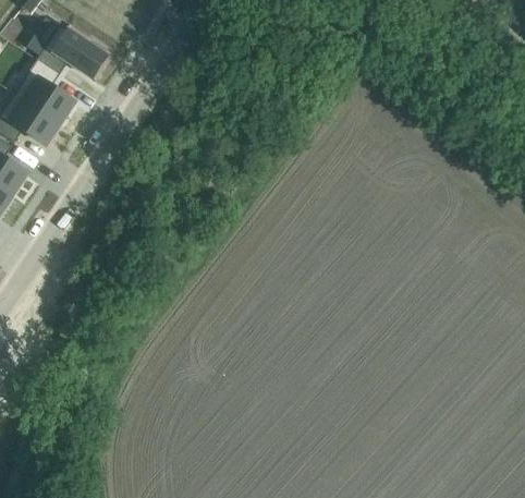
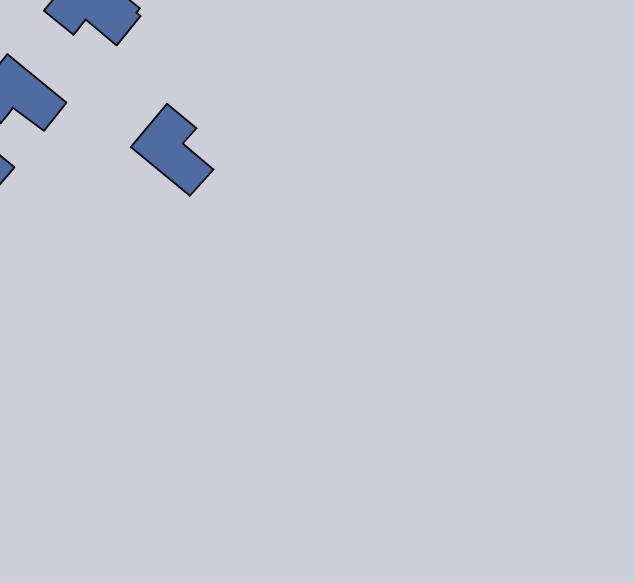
building: [15,58,76,122] -> [131,104,214,196]

